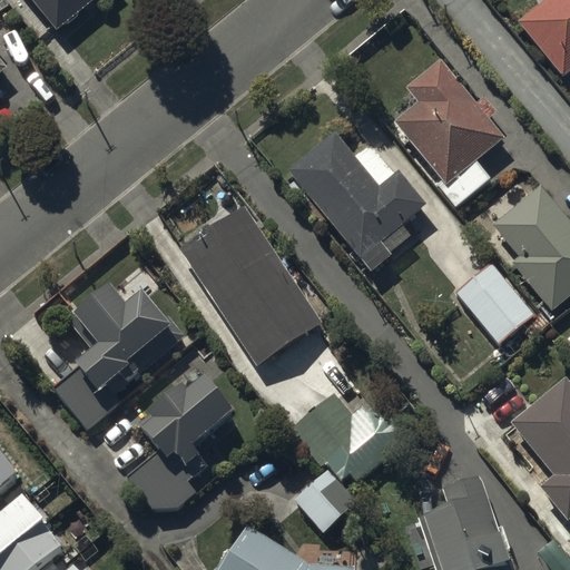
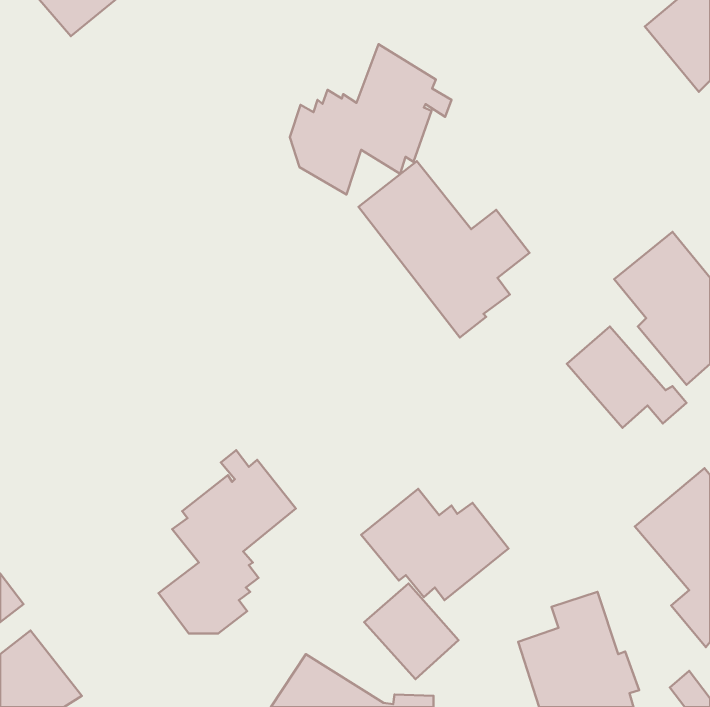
building: none -> [290,44,452,195]
building: [393,57,503,206] -> none
building: [179,205,320,363] -> none
building: [52,284,186,430] -> none

